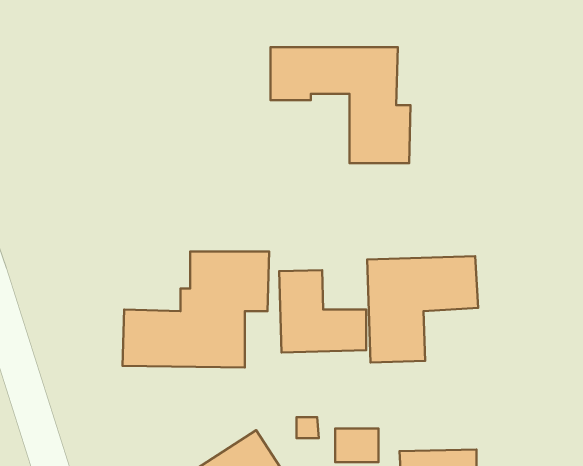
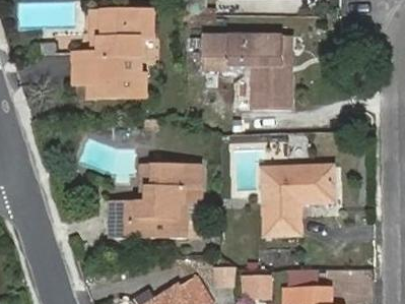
building: none -> [72,9,153,97]
building: [279,270,366,353] -> none

